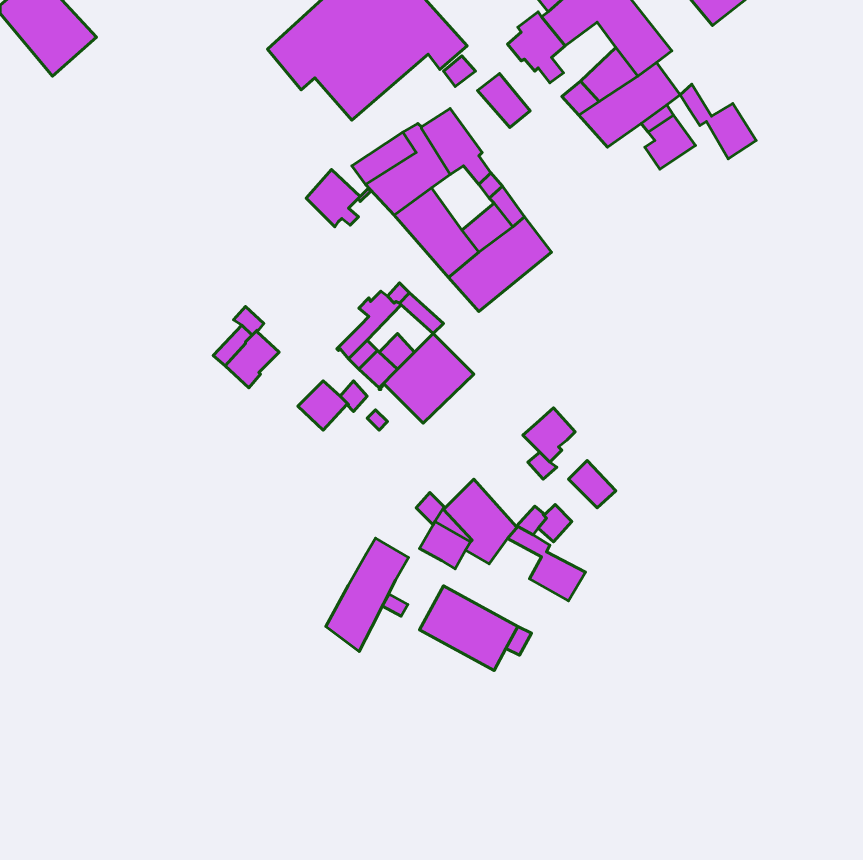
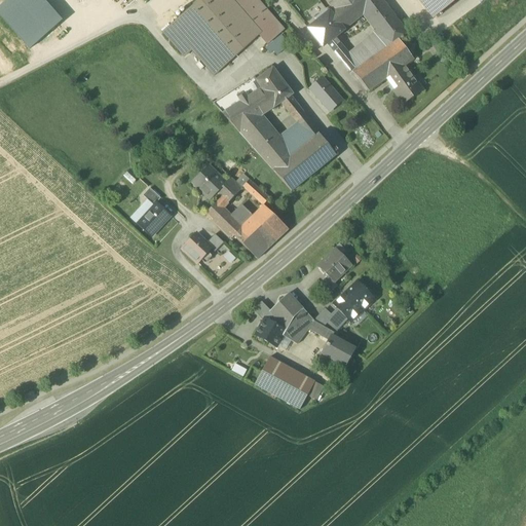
building: [478,73,530,128] -> [310,76,342,109]
building: [680,84,756,159] -> none
building: [306,169,370,227] -> [193,163,232,198]
building: none -> [335,291,364,320]
building: [326,538,408,651] -> none

